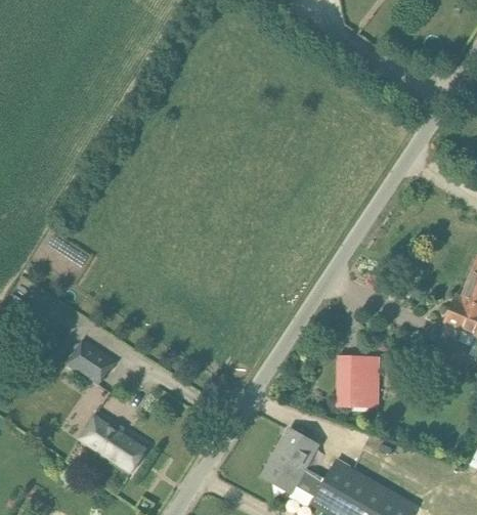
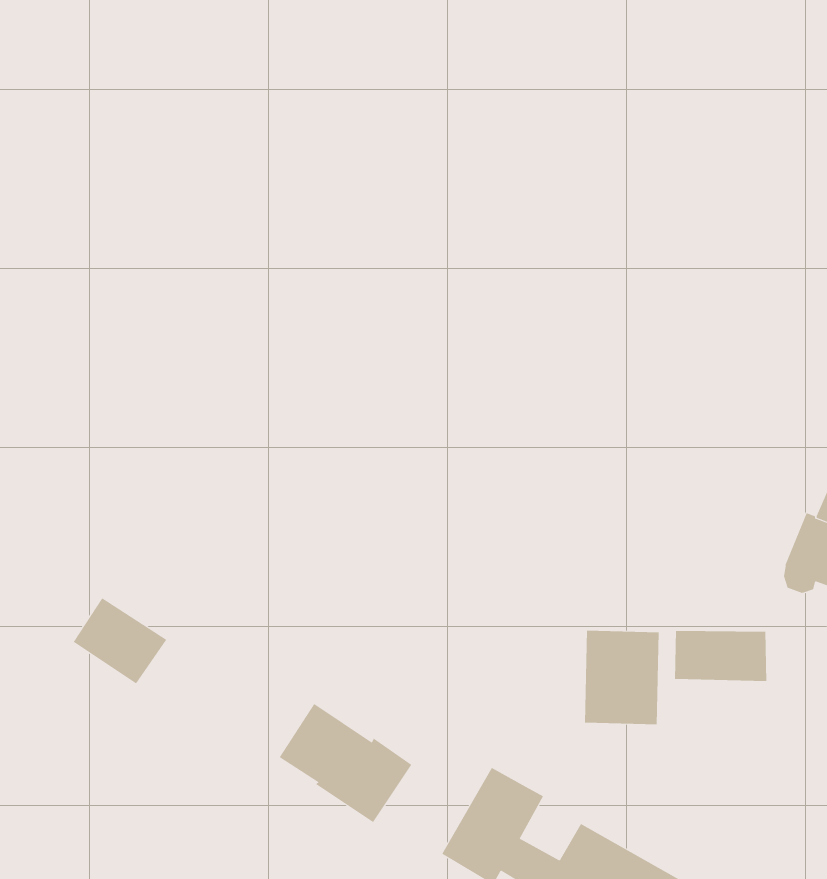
building: none -> [674,630,767,682]
building: [79,411,149,474] -> [279,703,412,823]

